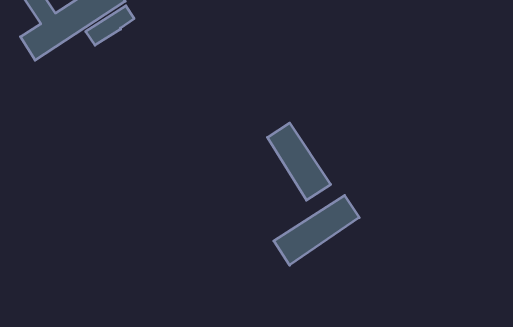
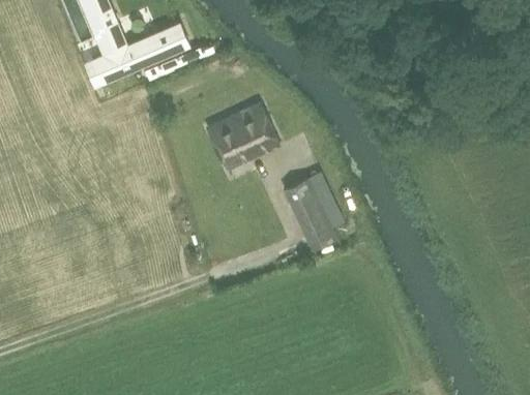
building: none -> [209,103,281,169]
building: [274,195,359,265] -> none

